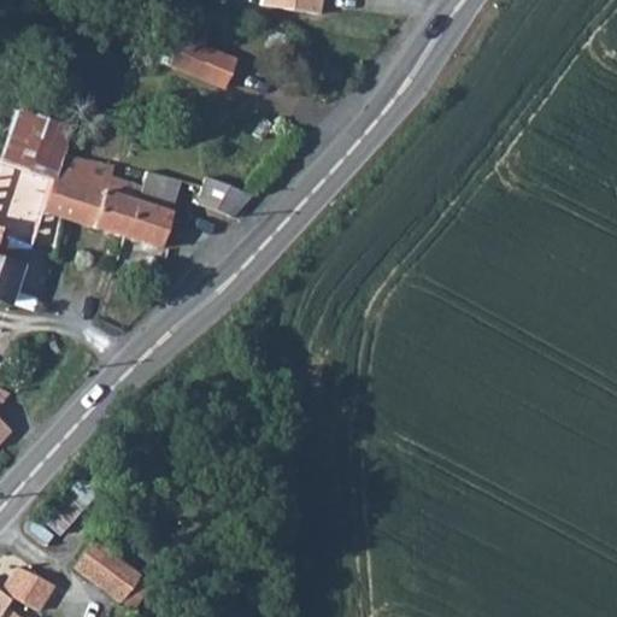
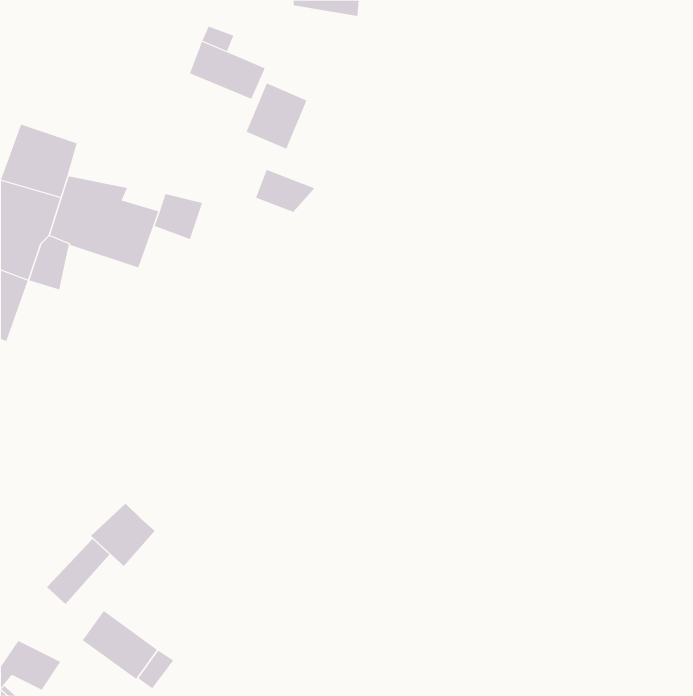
building: none -> [246,83,307,149]
building: [198,177,251,216] -> [255,169,315,213]
building: [125,200,171,248] -> none
building: none -> [90,503,155,567]

